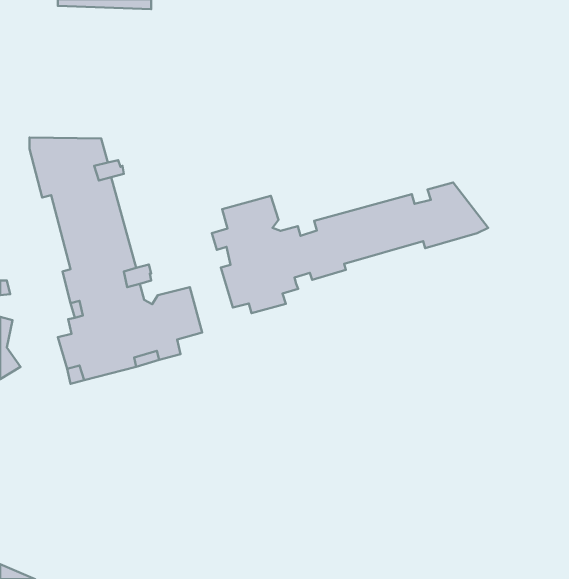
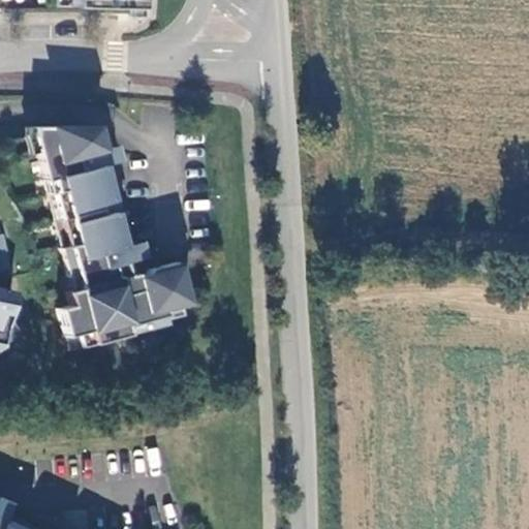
building: [212,182,488,313] -> none

